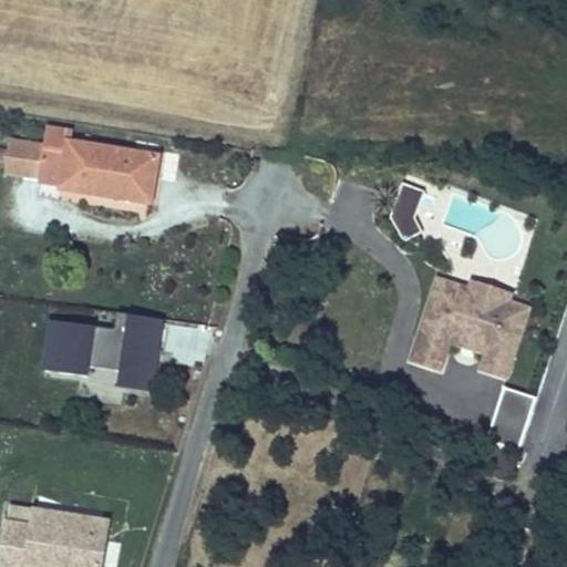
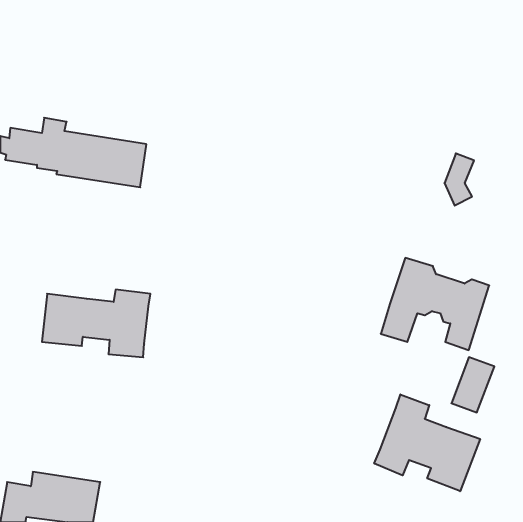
building: [392,181,424,237] -> [444,153,474,206]
building: none -> [374,394,480,491]

